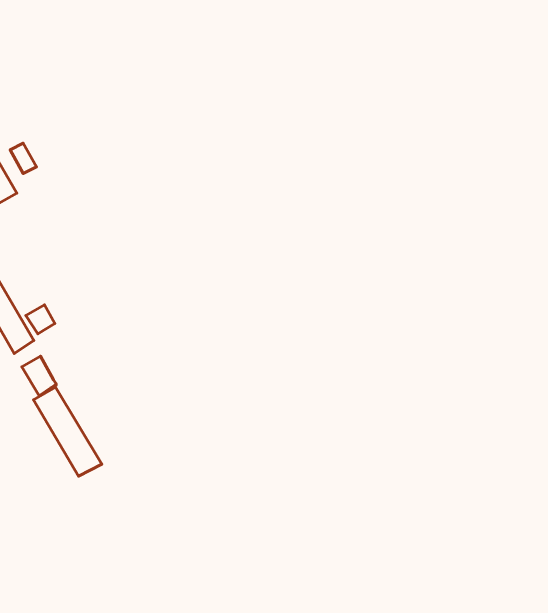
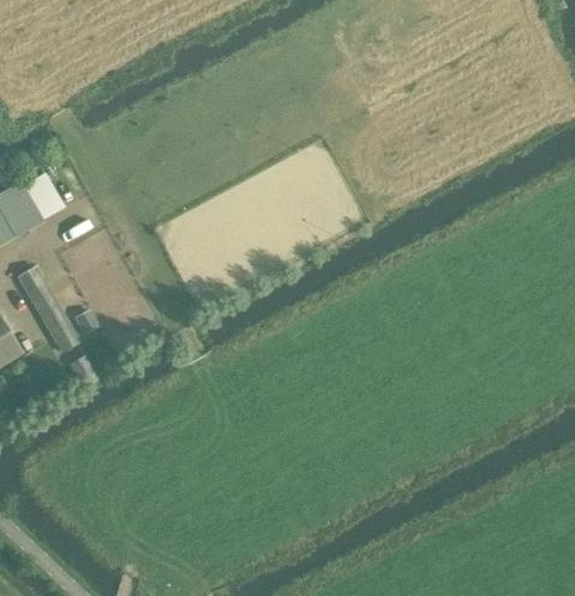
building: [33,387,102,476] -> none

